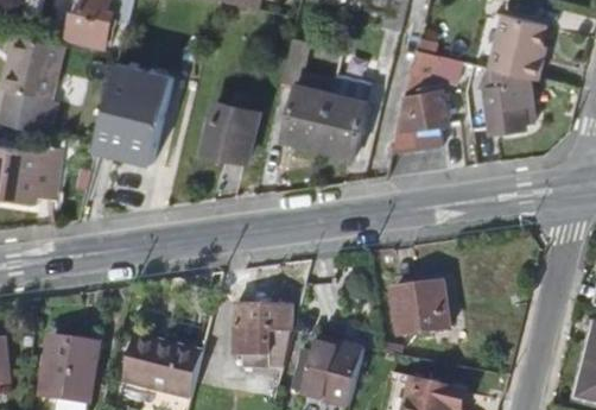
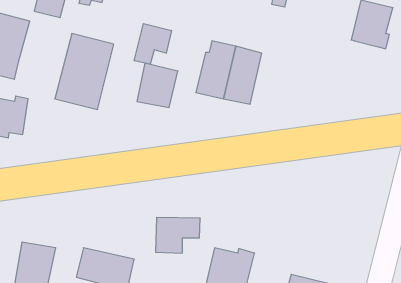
building: none -> [134,24,172,64]
building: [389,51,448,152] -> none
building: [467,71,532,134] -> none
building: [392,285,449,336] -> none

